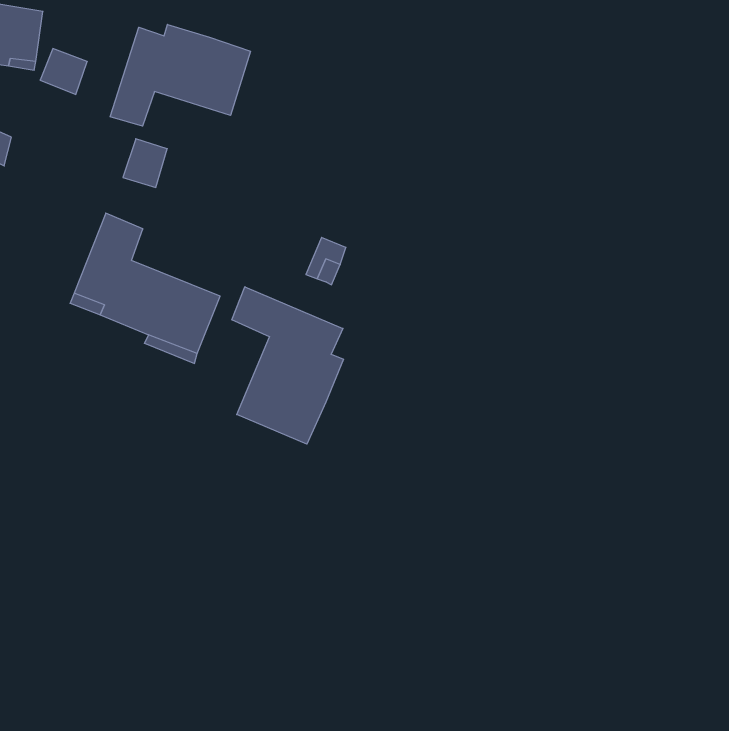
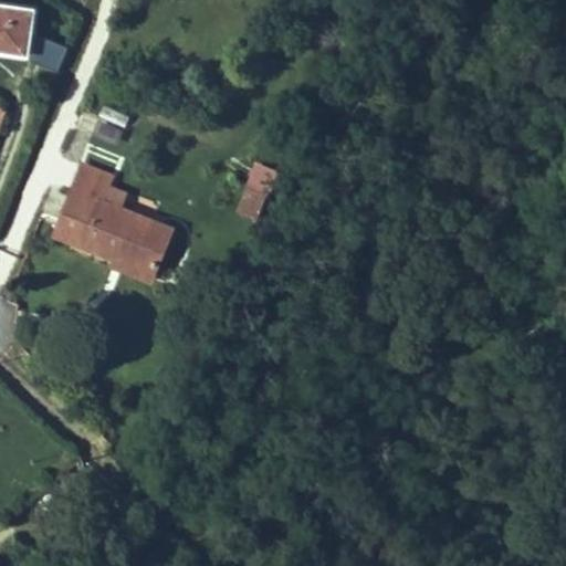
building: [110,24,251,126] -> none
building: [232,287,344,444] -> none

